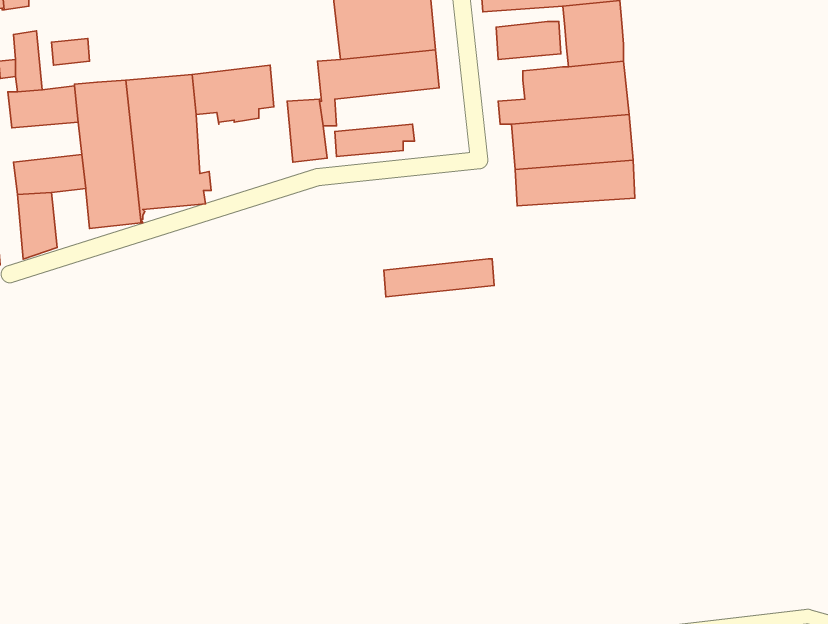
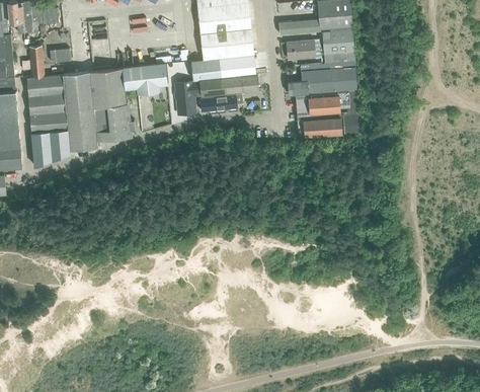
building: none -> [28,93,66,114]
building: none -> [50,129,70,160]
building: [384,259,494,297] -> [201,75,259,95]

